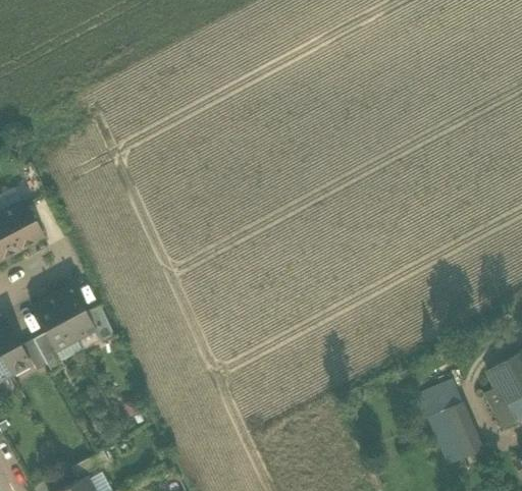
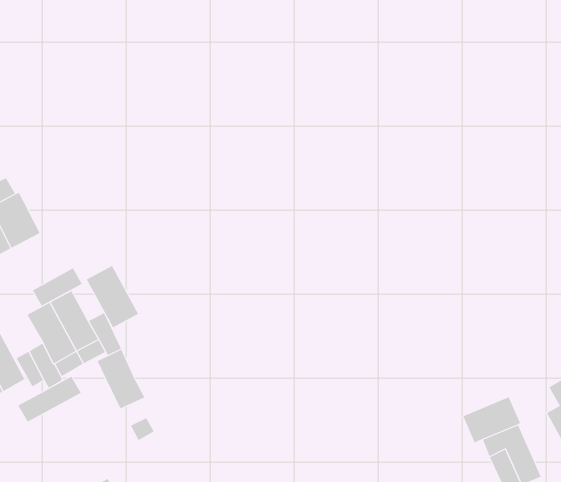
building: none -> [86,265,139,328]
building: none -> [32,268,83,306]
building: none -> [97,349,145,409]
building: none -> [17,376,81,423]

